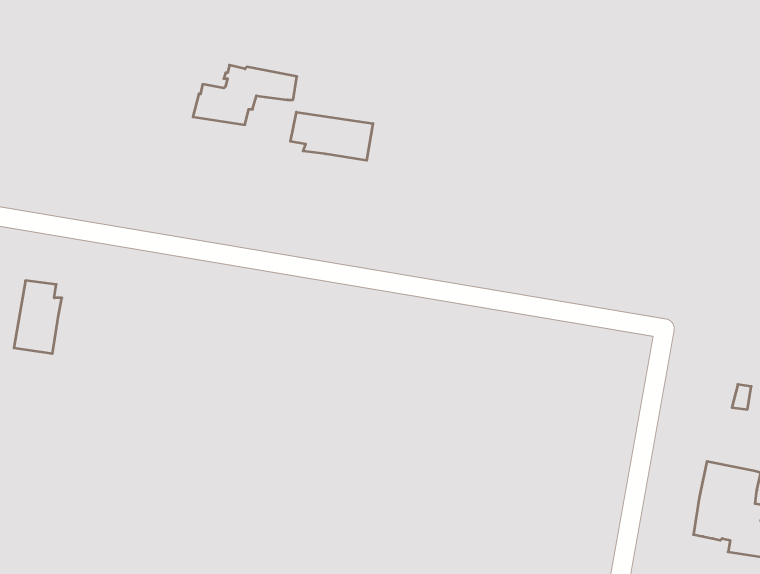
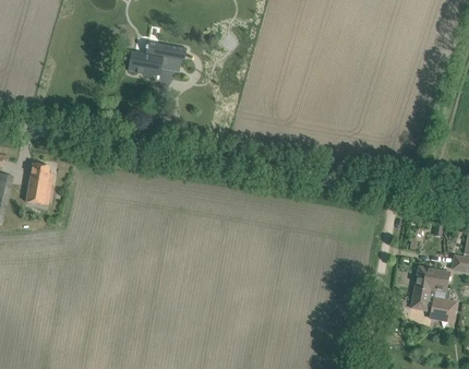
building: [290,112,373,160] -> none

